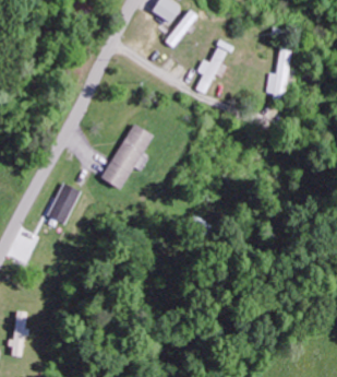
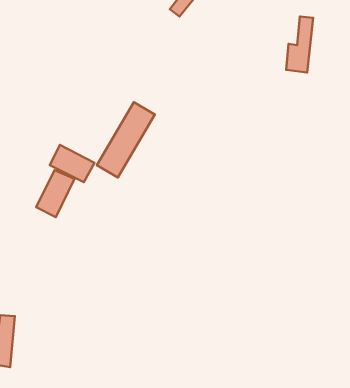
building: [196,46,227,94] -> none
building: none -> [50,145,95,182]

